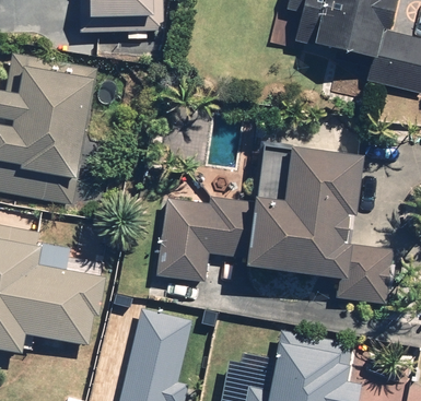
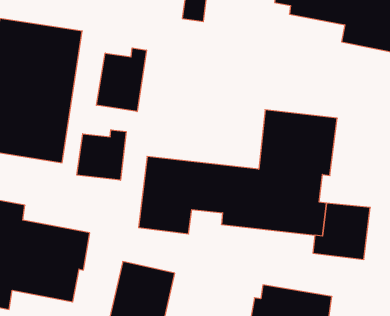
building: none -> [96,48,146,112]
building: none -> [77,130,126,180]

